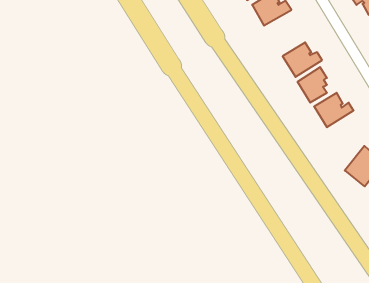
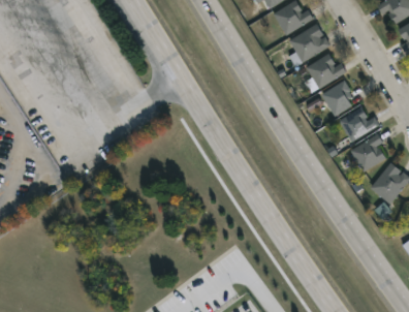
building: none -> [288,23,331,63]
building: none -> [349,133,385,173]

